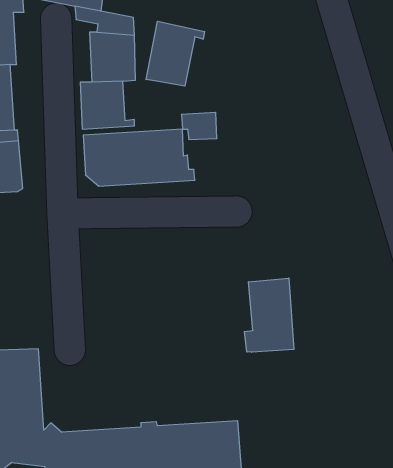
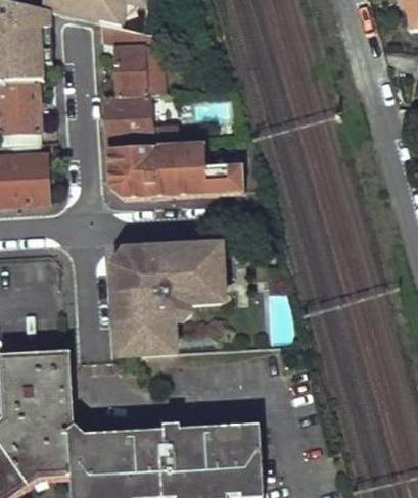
building: [146,21,204,86] -> none
building: [181,112,217,139] -> [210,163,244,190]
building: none -> [113,243,225,356]
building: [244,278,294,352] -> none

